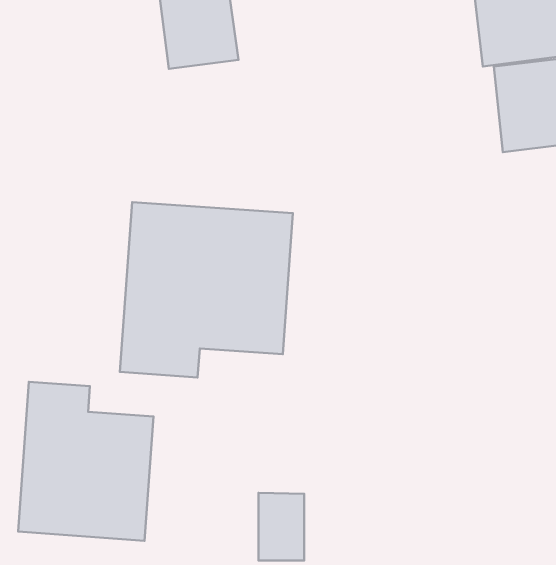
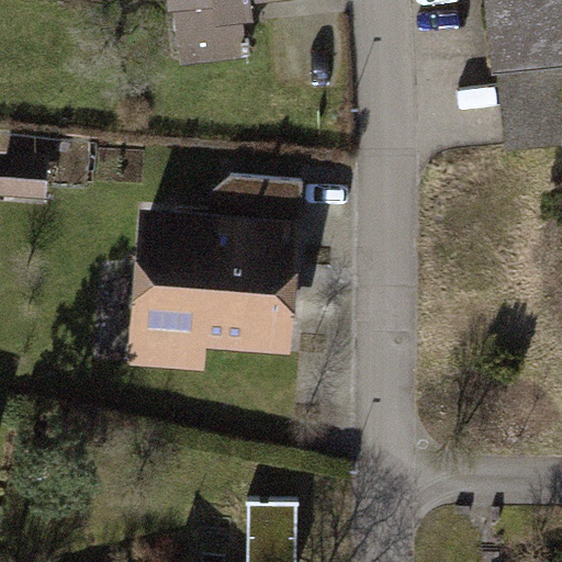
building: [18,382,153,541] -> none

